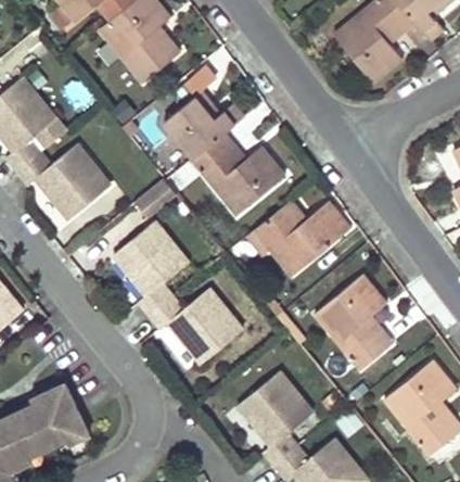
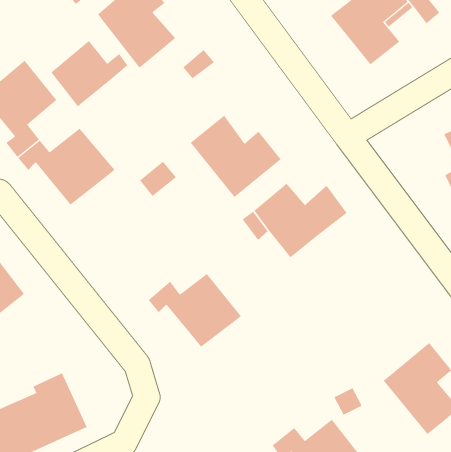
building: [165,91,243,158] -> [50,40,128,107]
building: [113,220,189,317] -> none
building: [315,272,393,367] -> none
building: [238,367,314,464] -> none

